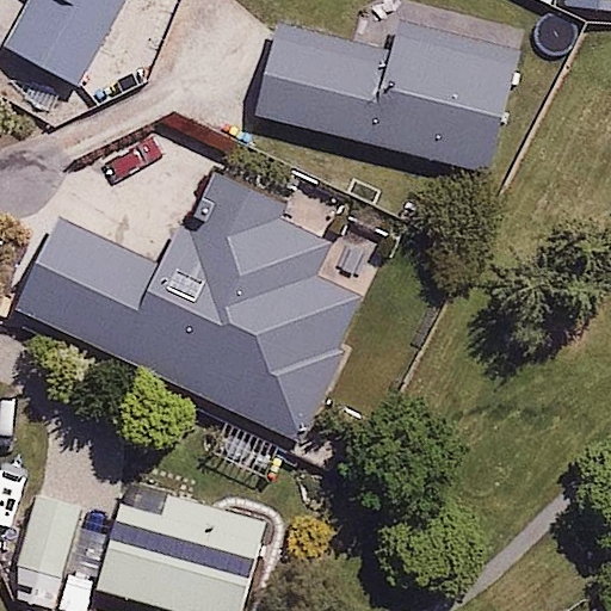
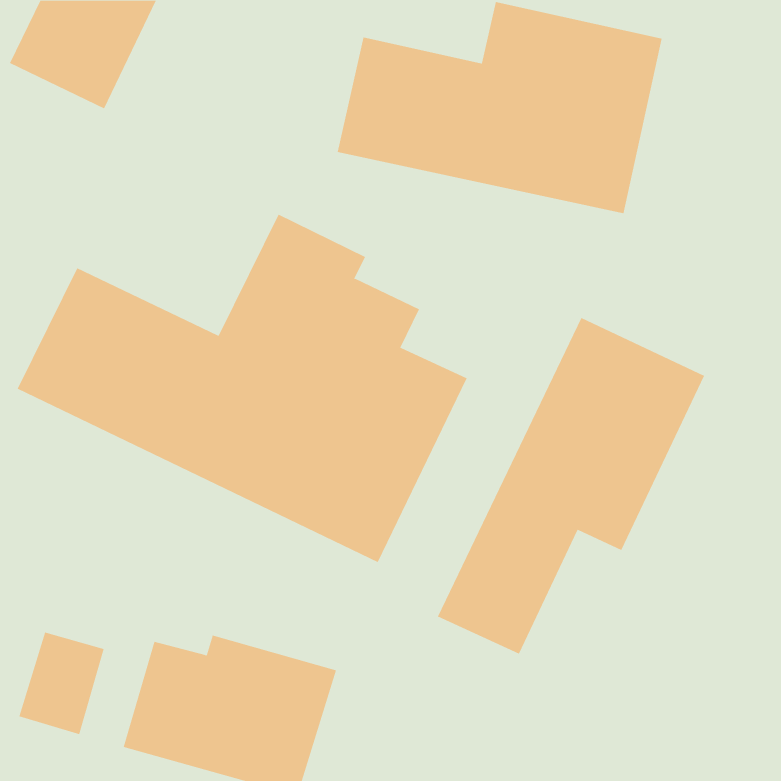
building: none -> [437,317,705,654]

